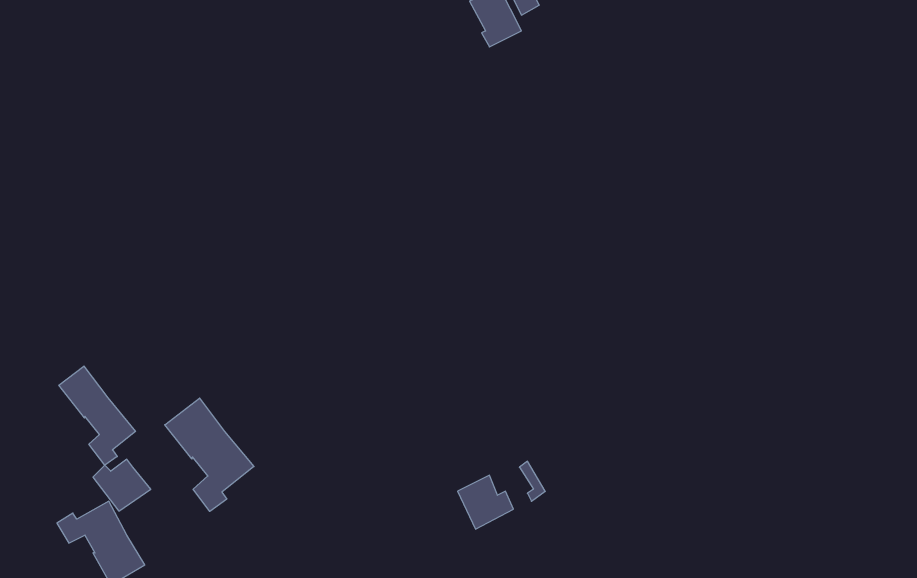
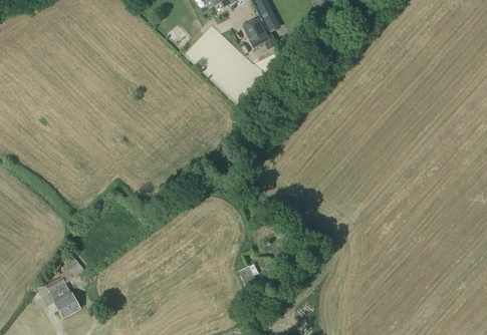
building: [59,366,135,465] -> none
building: [165,398,254,511] -> none

